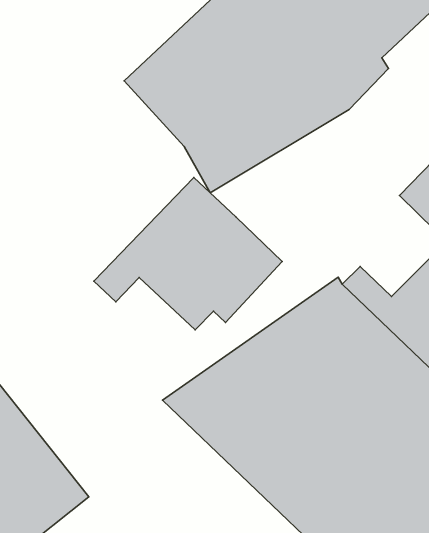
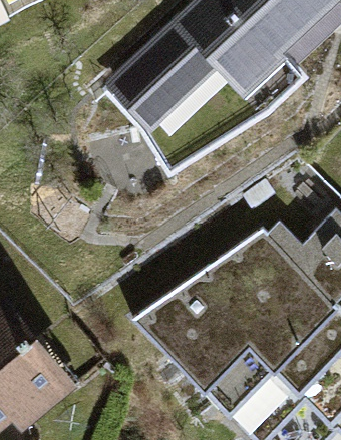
building: [94,177,282,330] -> none

